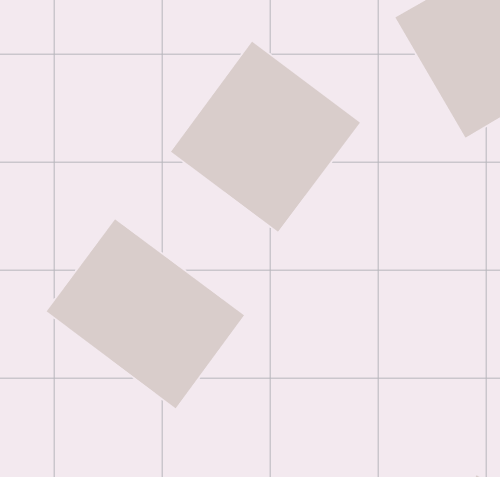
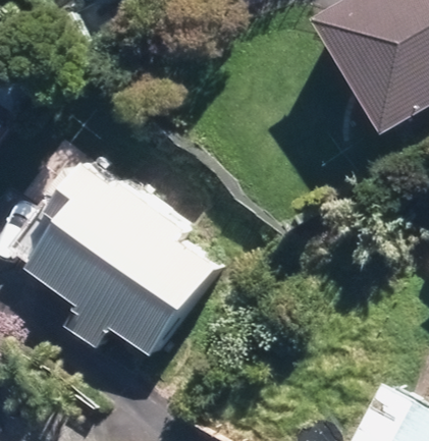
building: [170,40,361,233] -> none

